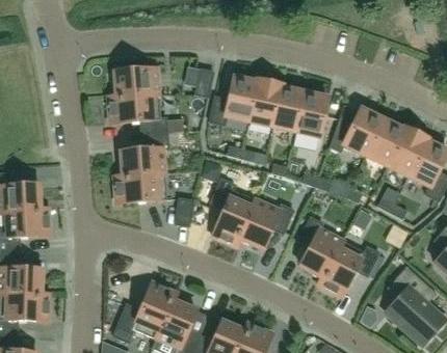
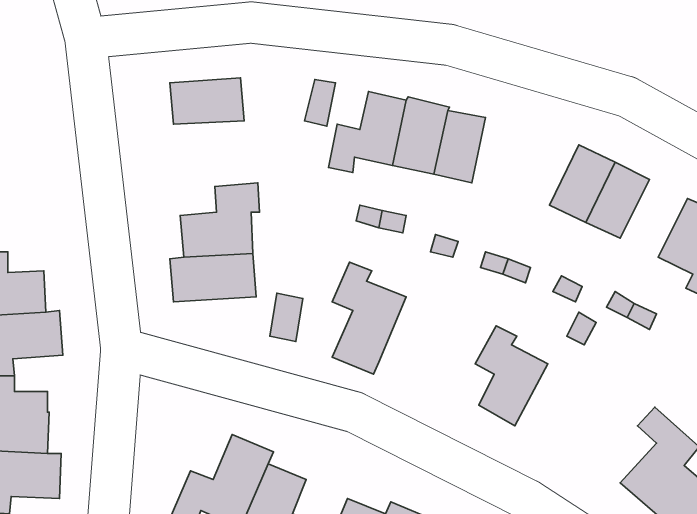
building: [296,90,328,135] -> none
building: [108,92,167,132] -> none
building: [386,126,427,174] -> none
building: [240,198,294,247] -> none
building: [318,239,379,296] -> none

